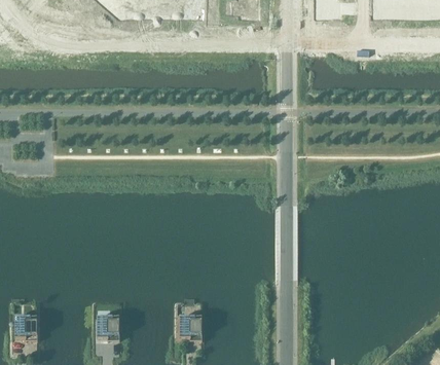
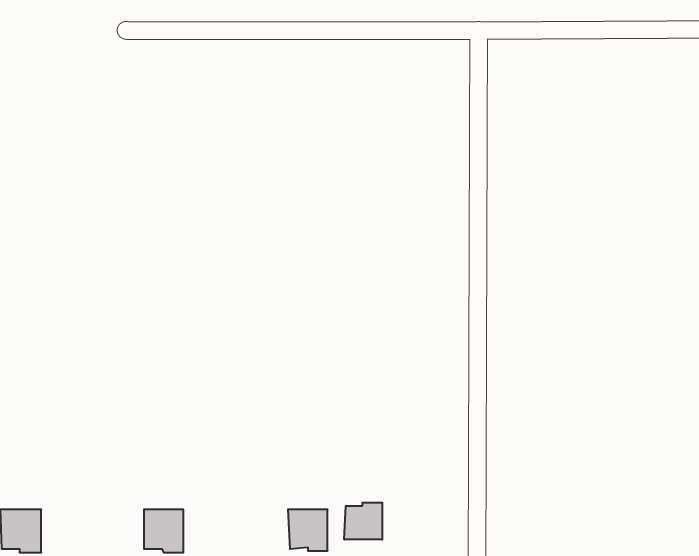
building: none -> [344,503,382,540]

